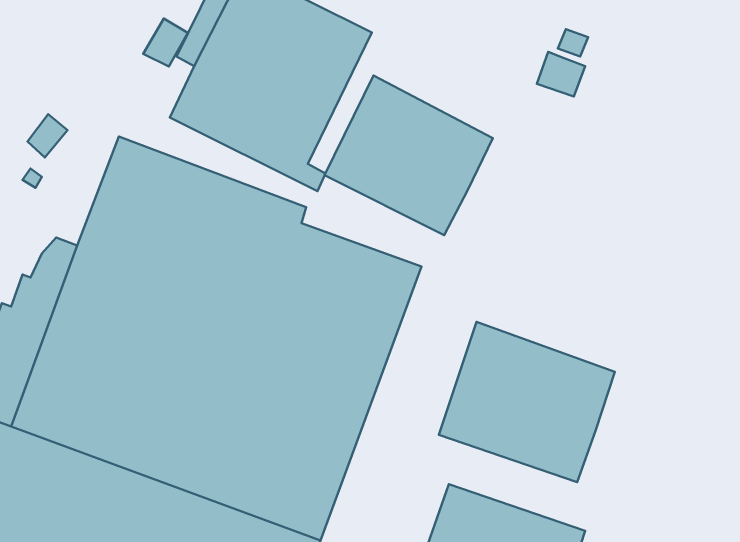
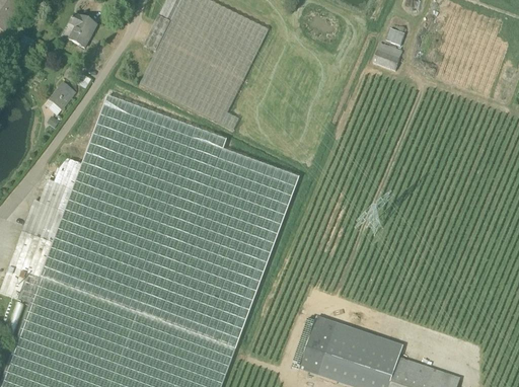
building: [143,19,188,67] -> [68,15,96,46]
building: [325,76,493,235] -> none
building: [439,322,615,482] -> none

